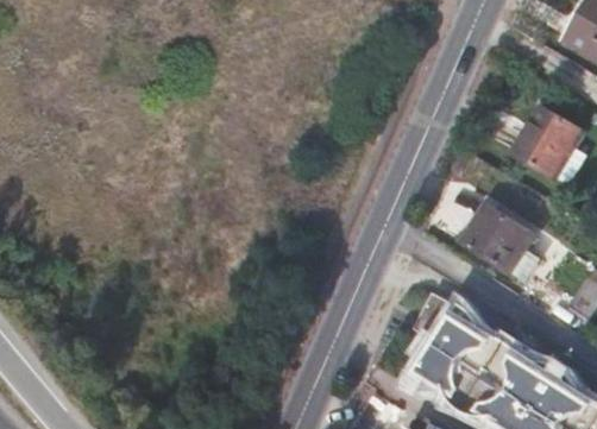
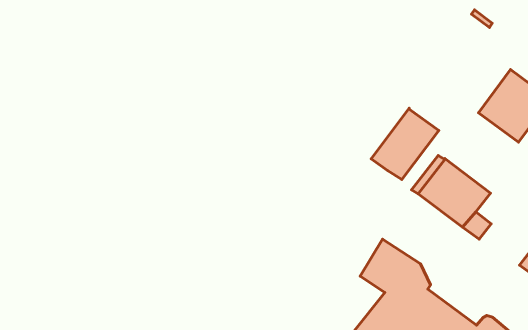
building: none -> [371,108,439,180]

